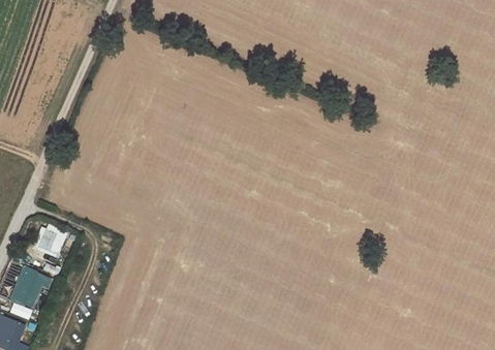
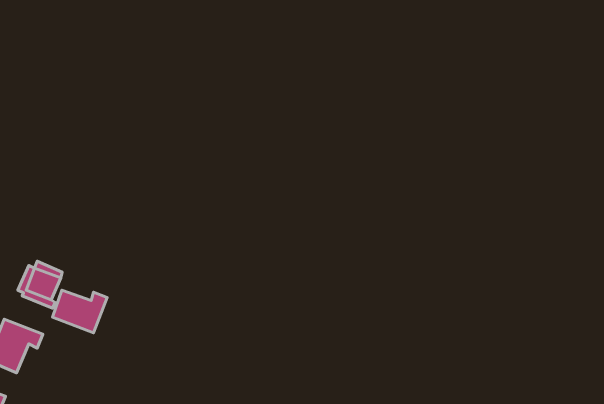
building: none -> [52,290,107,333]

